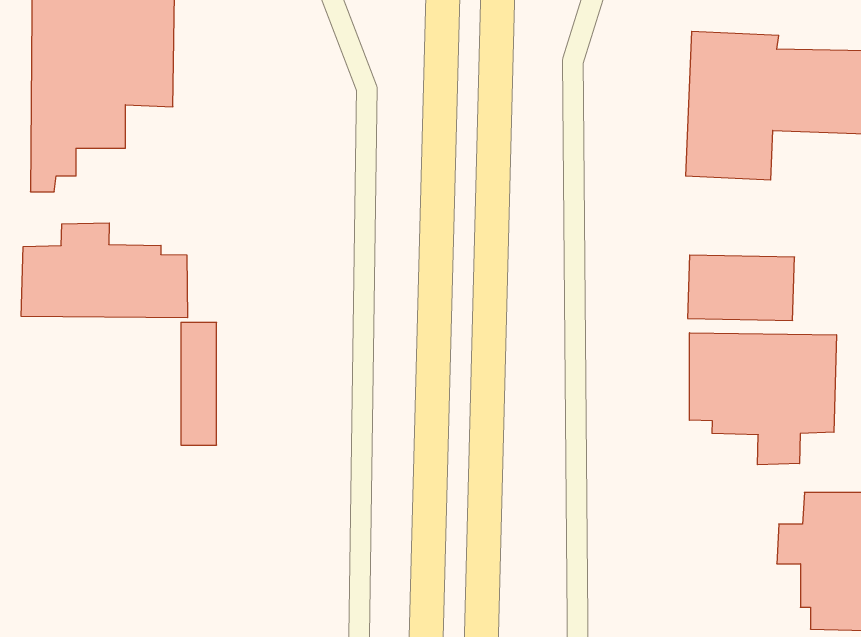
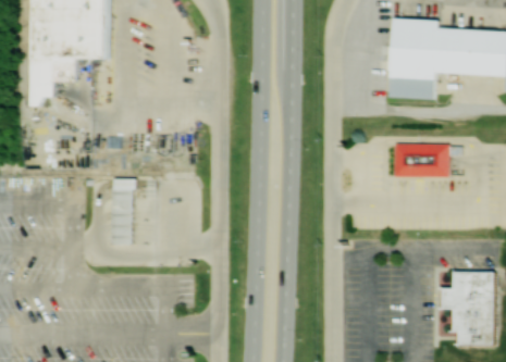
building: [21,223,188,318] -> none
building: [689,333,836,465] -> none

